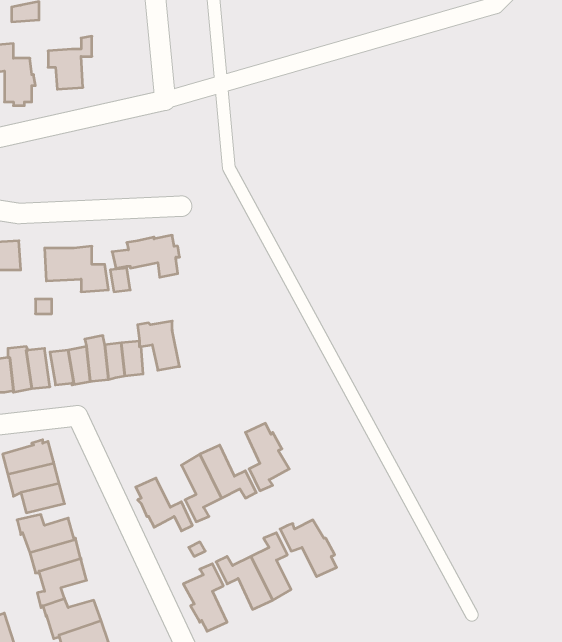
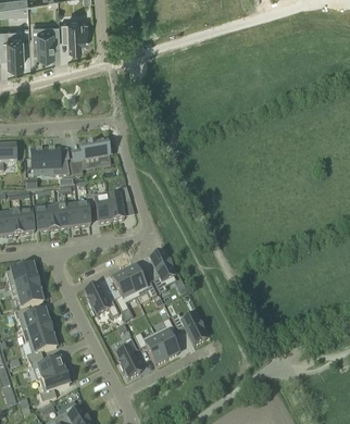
building: none -> [62,20,90,46]
building: none -> [108,187,130,221]

